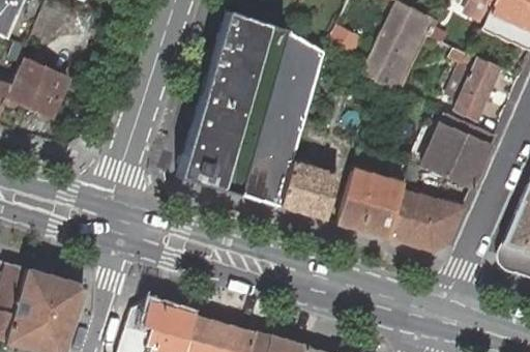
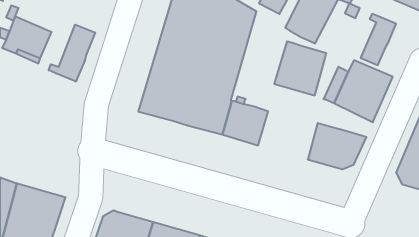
building: none -> [49,25,95,82]
building: [337,169,403,236] -> [274,42,326,95]

